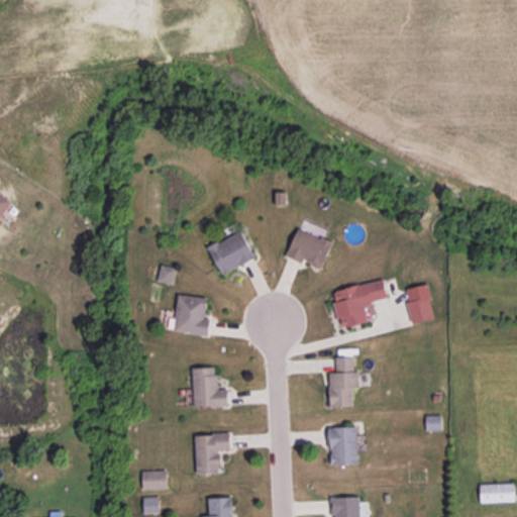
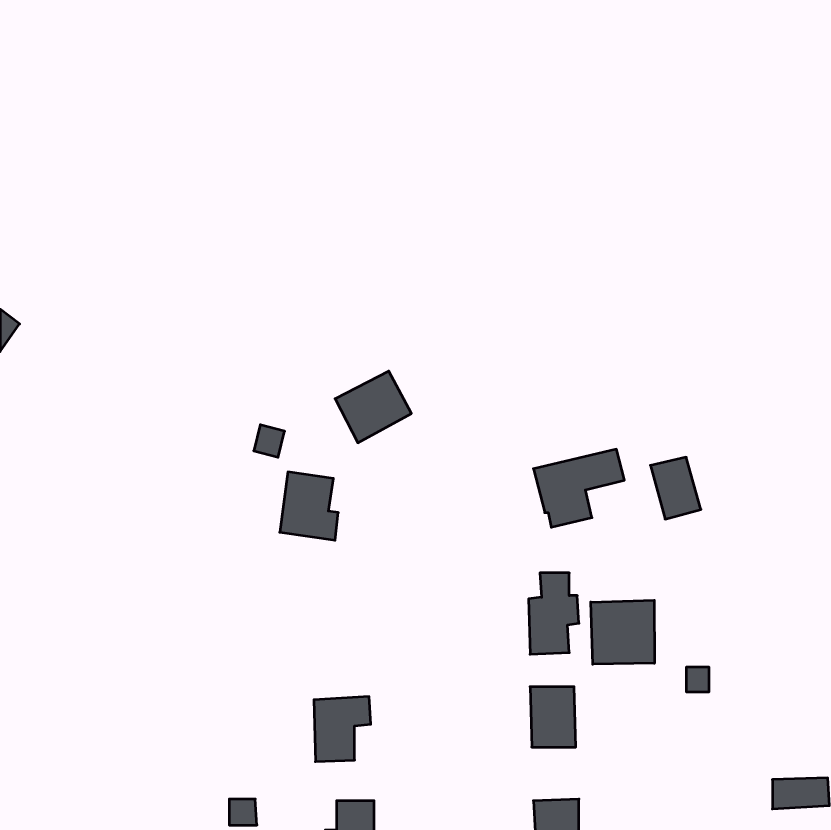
building: [286,228,332,269] -> none
building: [193,367,228,407] -> none
building: none -> [591,600,654,664]
building: [142,470,167,490] -> none

